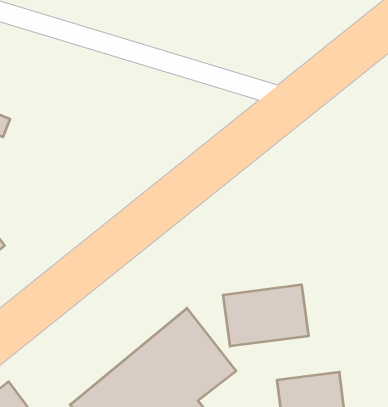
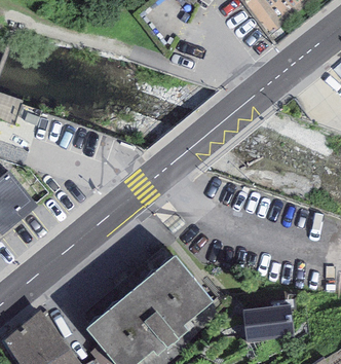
building: [223,285,308,346] -> none

